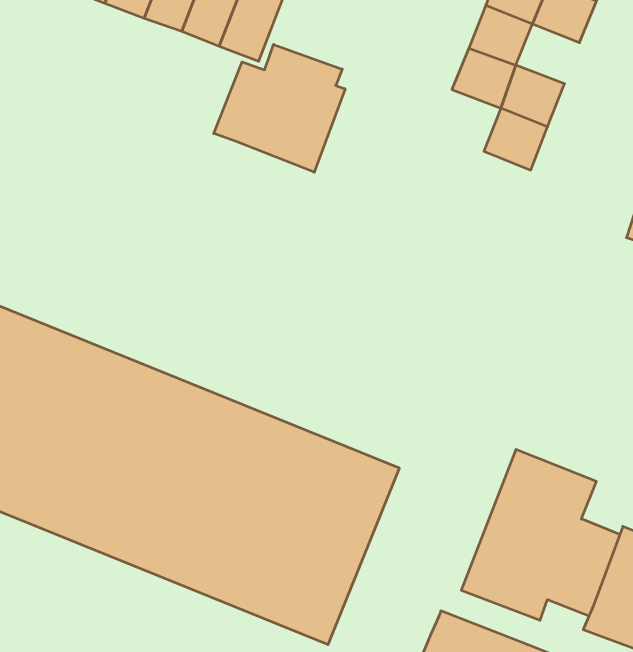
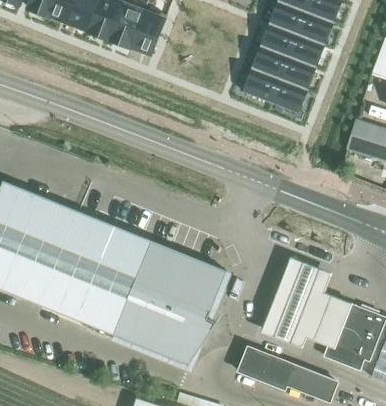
building: none -> [288,35,322,67]
building: [214,44,345,172] -> none
building: none -> [245,70,280,103]

